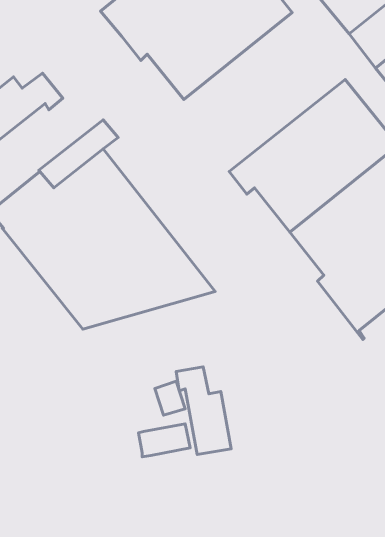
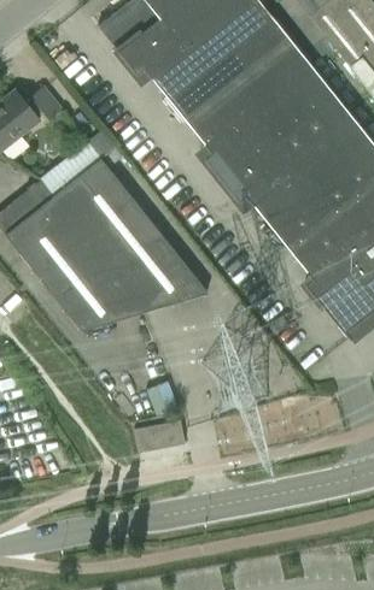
building: none -> [180,29,334,181]
building: [176,367,231,455] -> none

